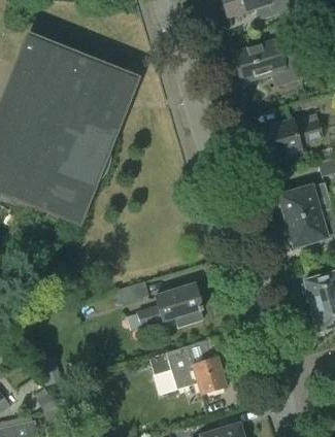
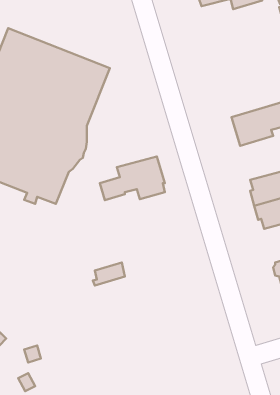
building: [233,38,301,85] -> none
building: [137,282,204,328] -> [100,156,165,200]
building: [167,339,228,394] -> none

